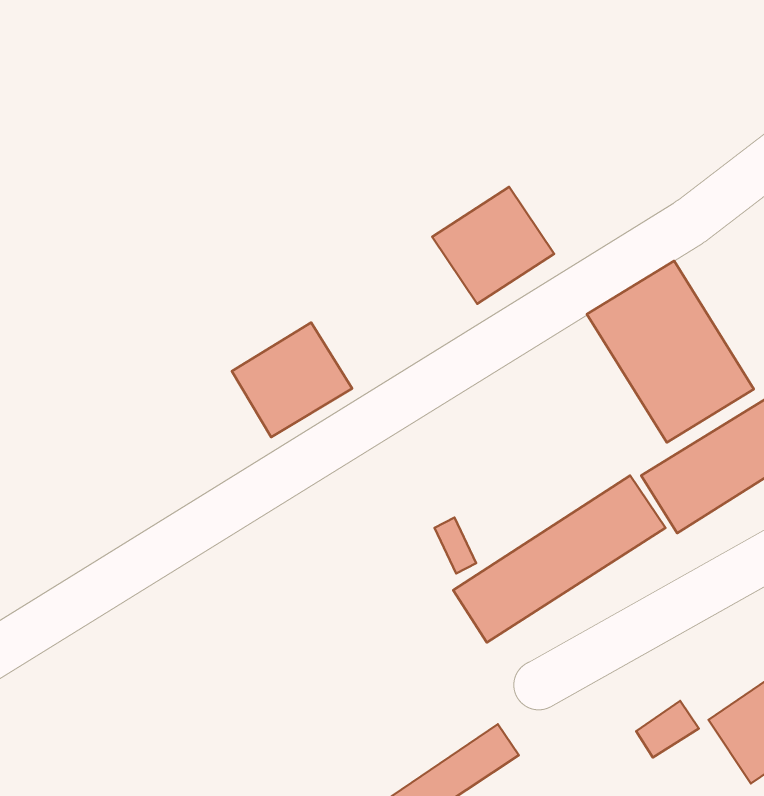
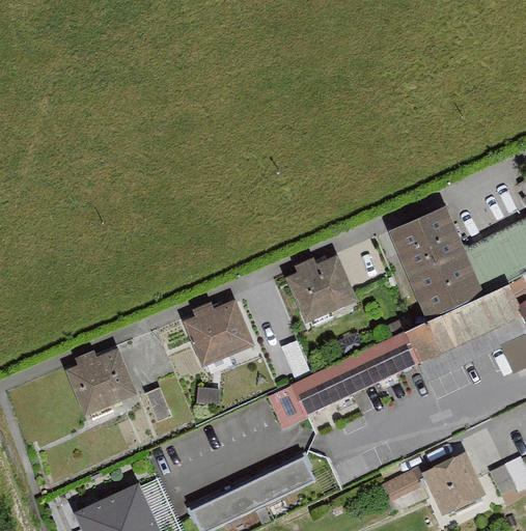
building: [432,187,554,304] -> [286,256,355,320]
building: [232,323,352,437] -> [186,302,253,364]
building: none -> [70,353,136,414]

